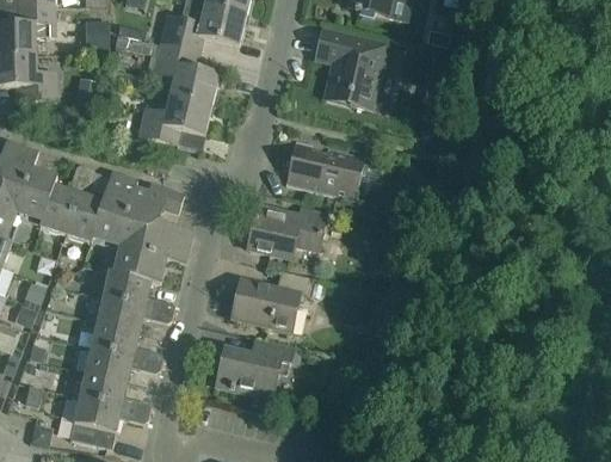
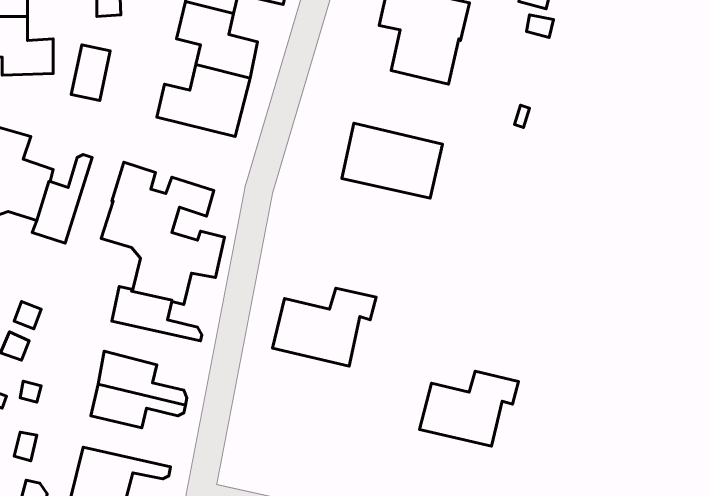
building: [66,166,104,241] -> none
building: [247,203,326,257] -> none
building: [97,296,173,331] -> none
building: [215,338,294,398] -> [419,371,519,446]
building: [80,371,152,412] -> none

